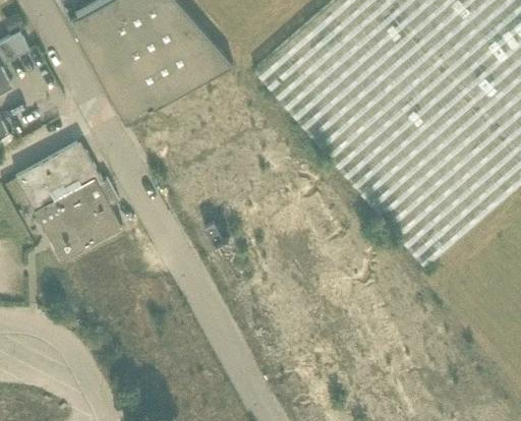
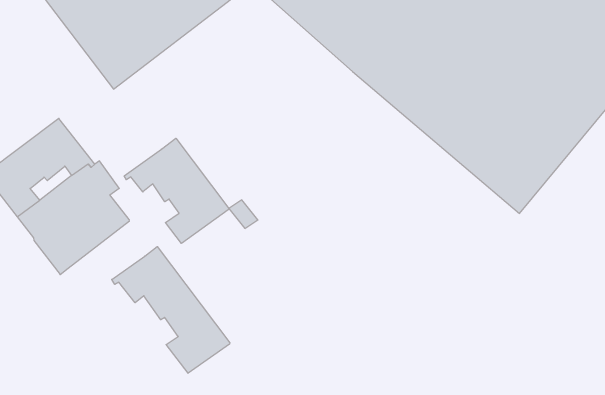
building: none -> [124,138,229,243]
building: none -> [112,247,230,373]

